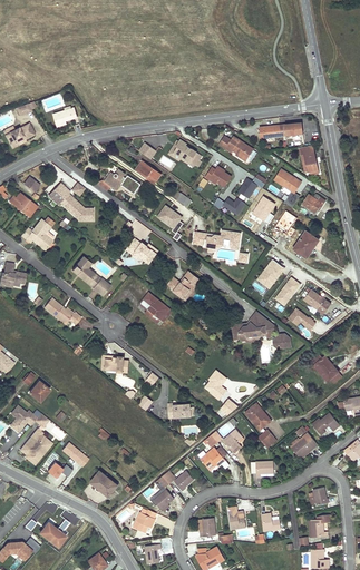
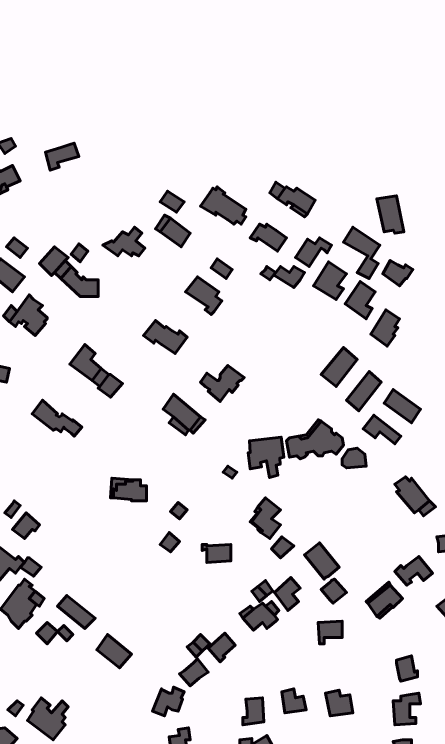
building: [260,122,303,141] -> none
building: [193,230,241,250] -> none
building: none -> [248,437,284,477]

